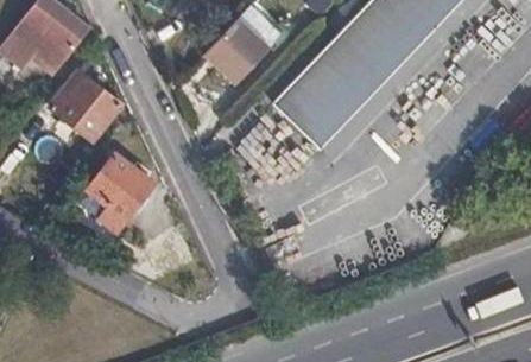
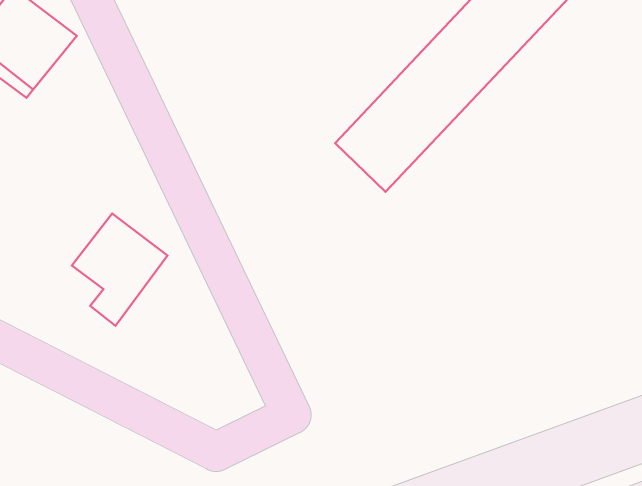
building: [203,15,271,83] -> none
building: [48,72,122,141] -> none

